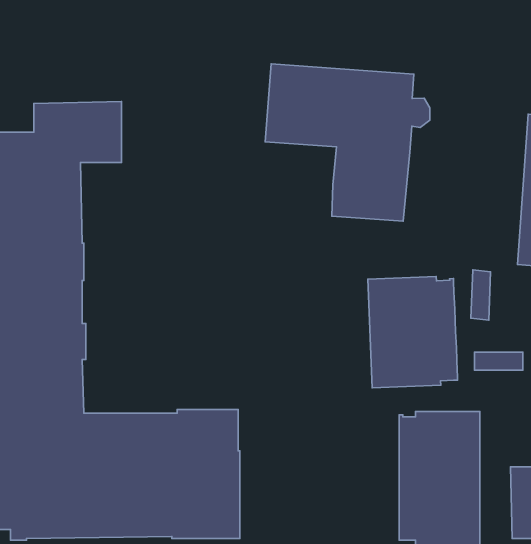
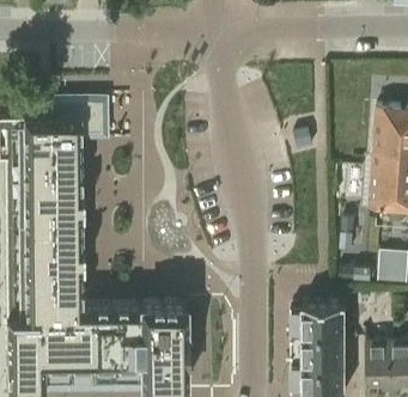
building: [265,64,430,221] -> none
building: [368,276,458,388] -> none

